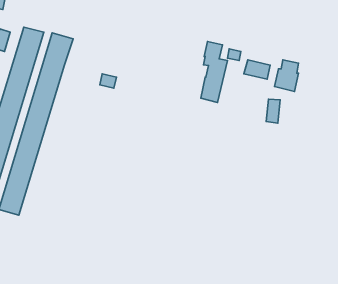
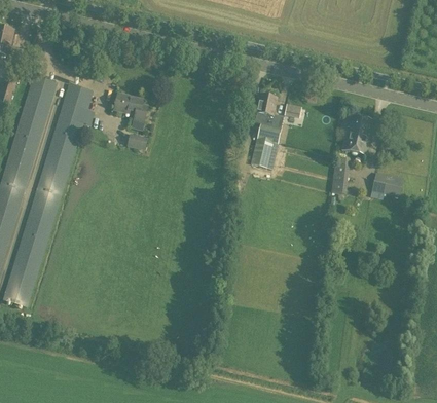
building: none -> [114,93,148,121]
building: [244,60,270,79] -> none
building: none -> [372,172,404,195]

